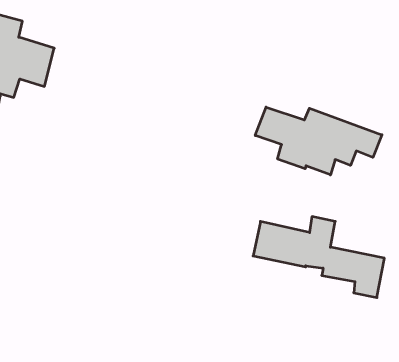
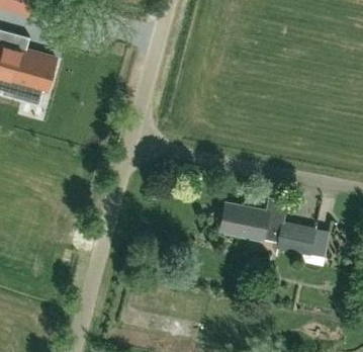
building: [255,107,382,175] -> none

